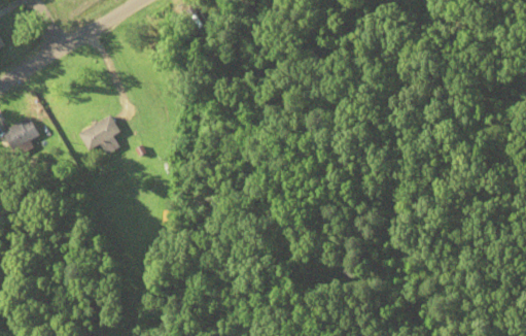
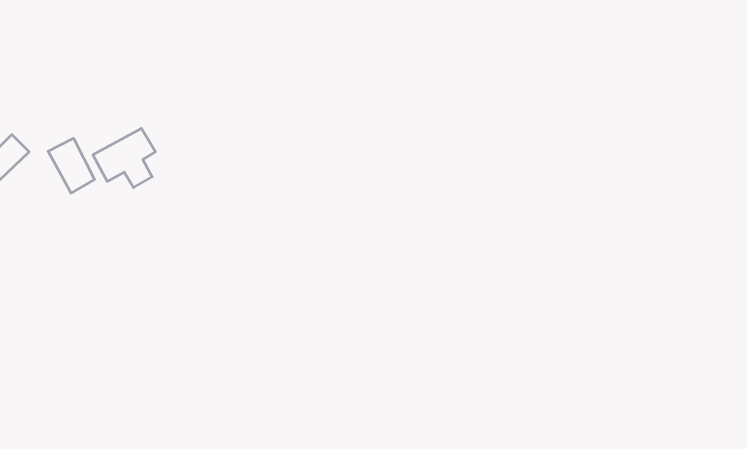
building: none -> [48,138,95,193]

